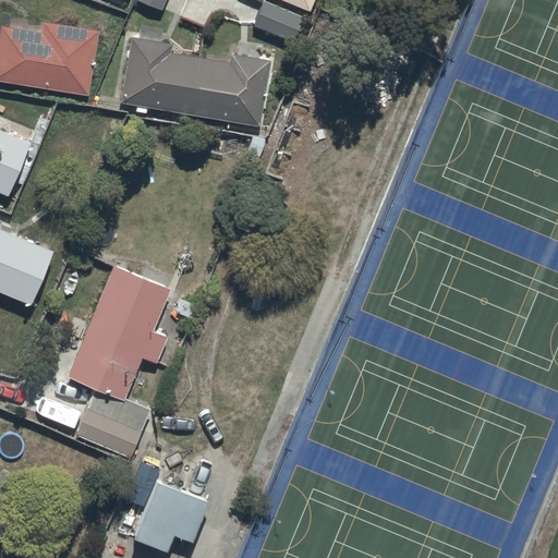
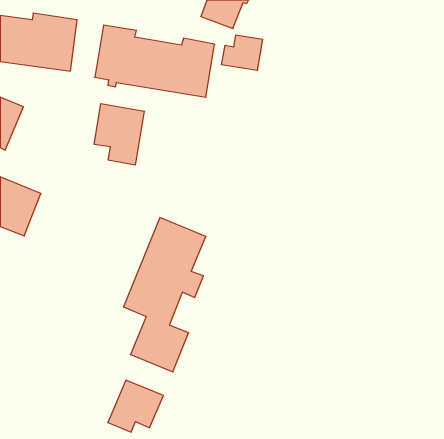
building: none -> [222,35,263,71]
building: none -> [94,104,144,165]
building: [66,264,170,458] -> [123,218,206,372]

